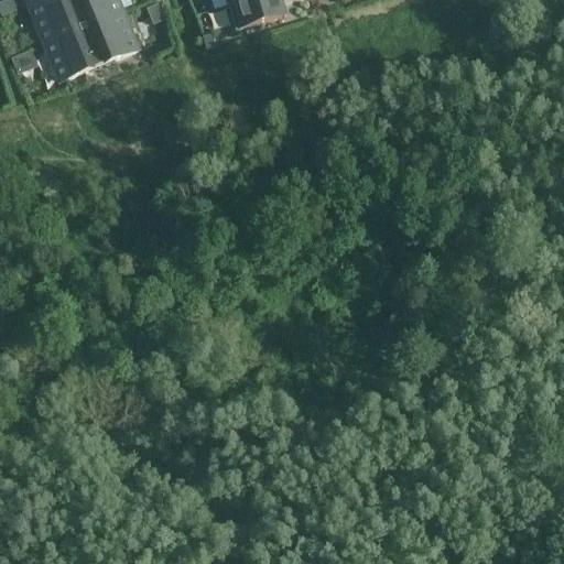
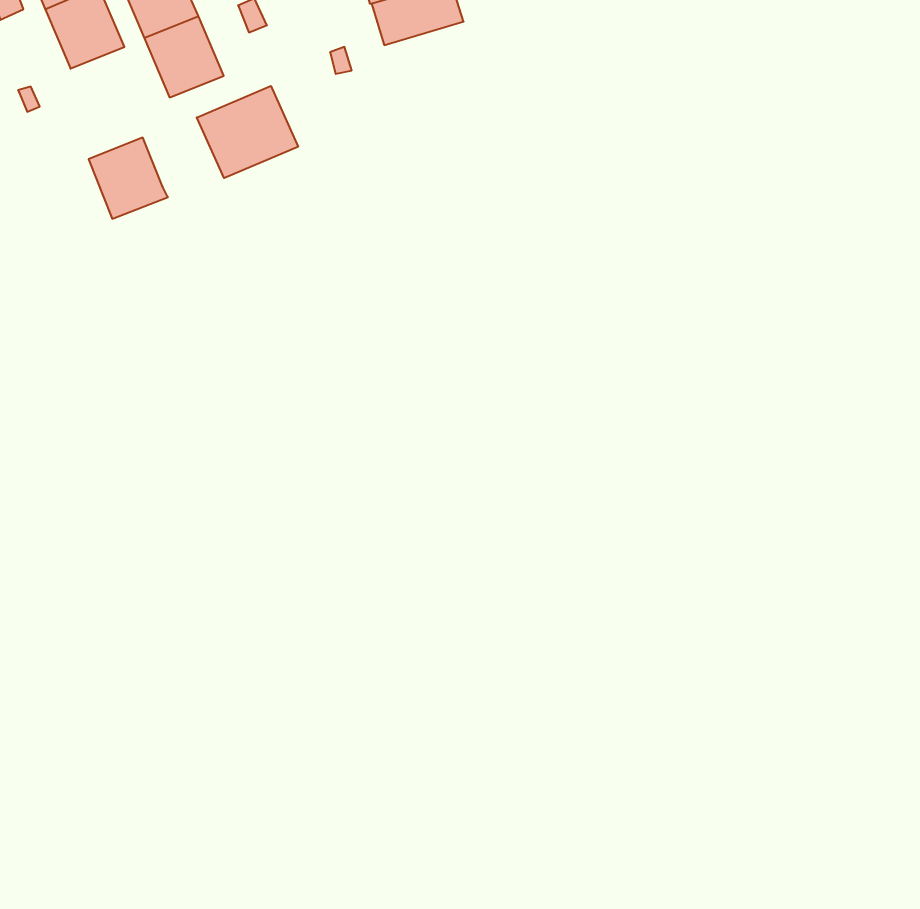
building: [43,29,91,78] -> [89,138,168,219]
building: none -> [197,86,298,178]

